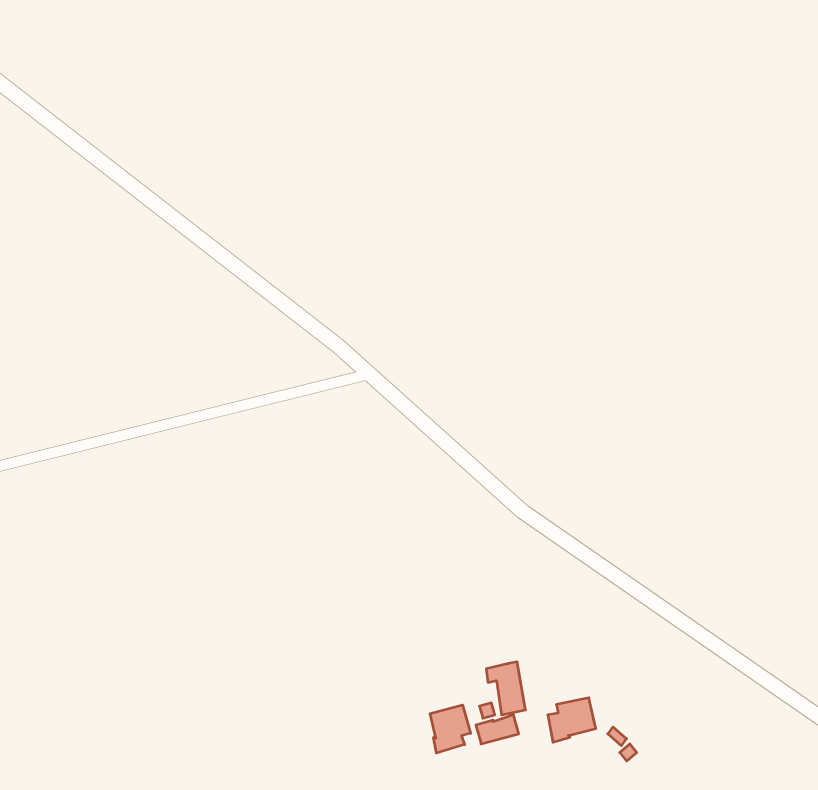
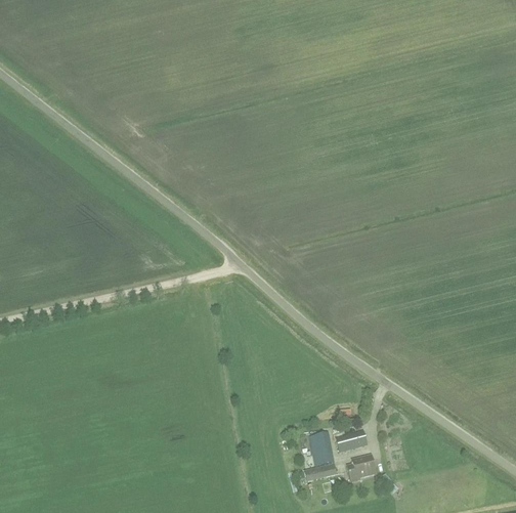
building: none -> [336,430,365,451]
building: [430,705,471,753] -> none

